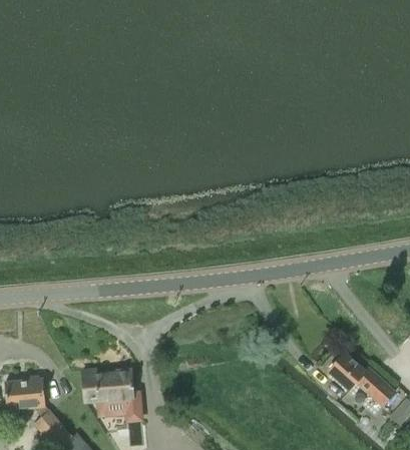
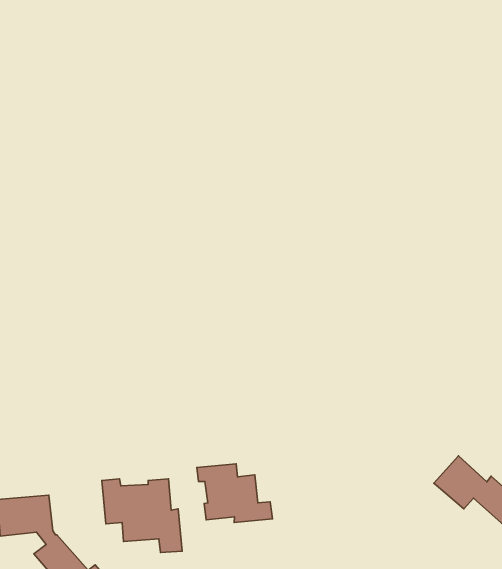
building: none -> [197,464,273,522]

